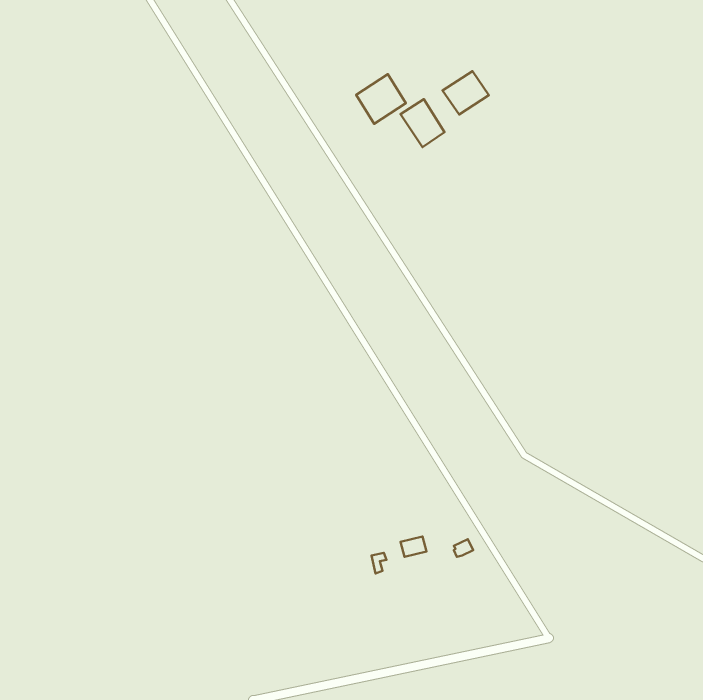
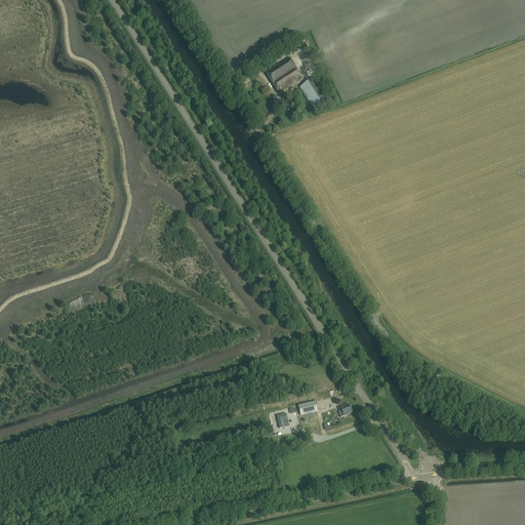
building: [443,71,489,114] -> none

